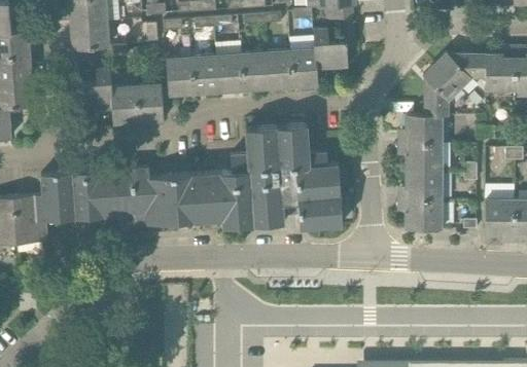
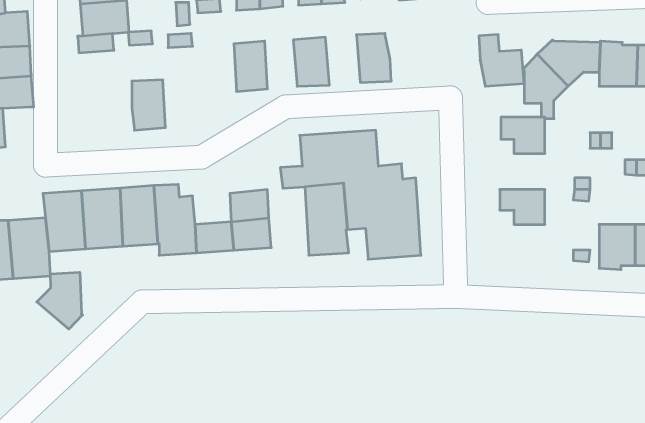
building: [312,27,348,68] -> [479,35,524,86]
building: [266,48,293,88] -> none
building: [217,52,243,91] -> none
building: [166,56,195,95] -> none
building: [79,67,111,109] -> none
building: [136,82,164,122] -> none
building: [405,143,441,172] -> none
building: [219,170,252,226] -> none
building: [160,175,190,199] -> none
building: [405,199,441,228] -> none
building: none -> [37,272,83,329]

